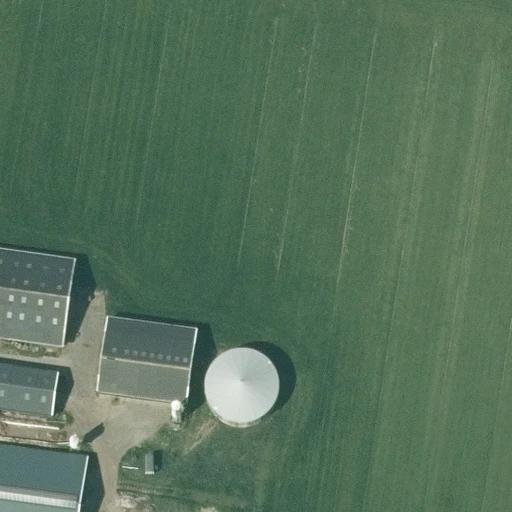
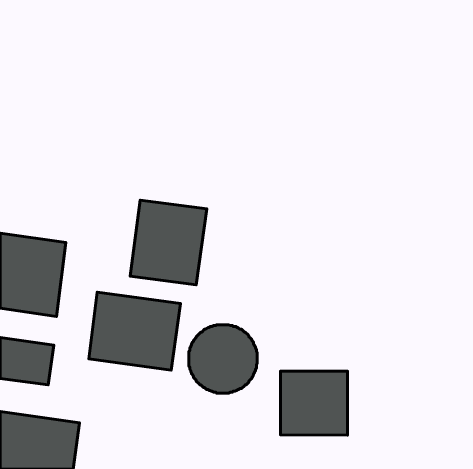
building: none -> [130,200,207,285]
building: none -> [281,371,348,435]

